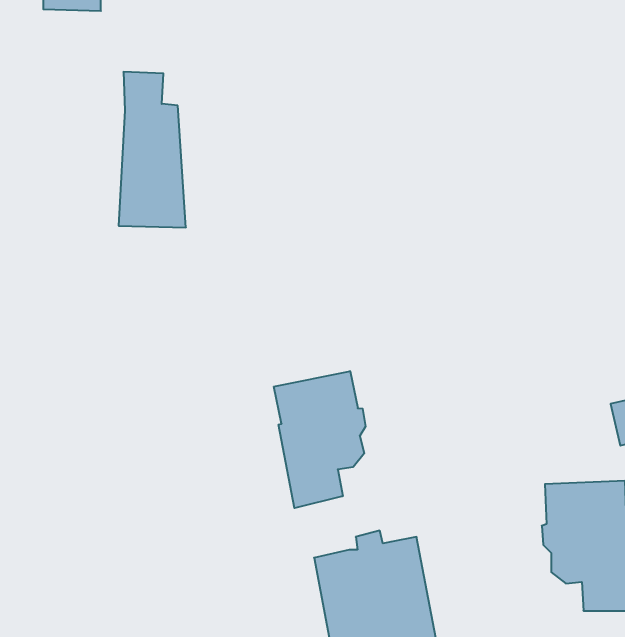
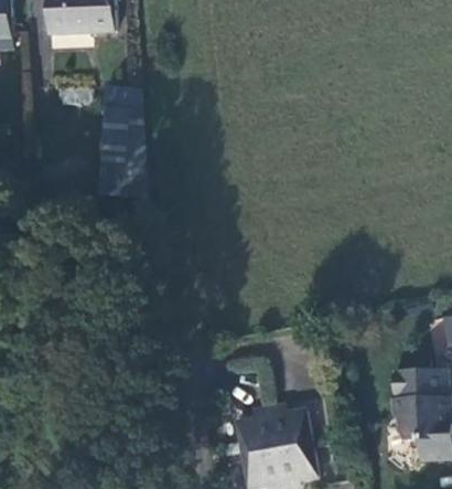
building: [274,371,365,508] -> none

